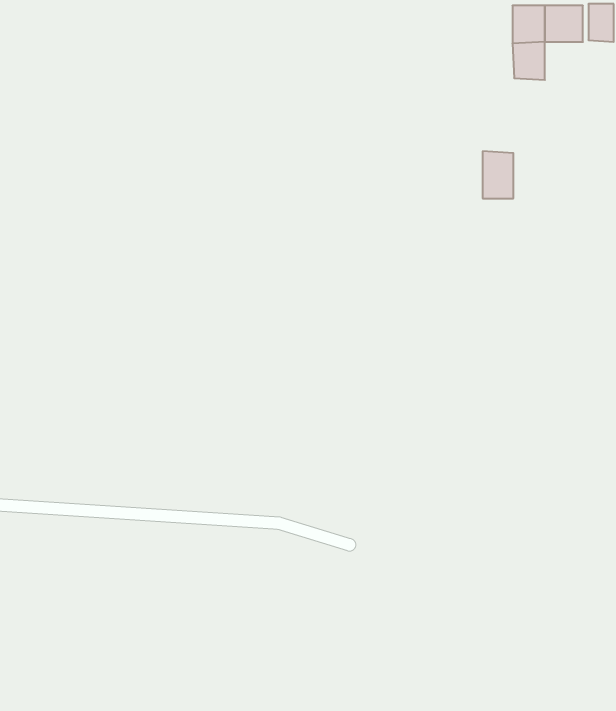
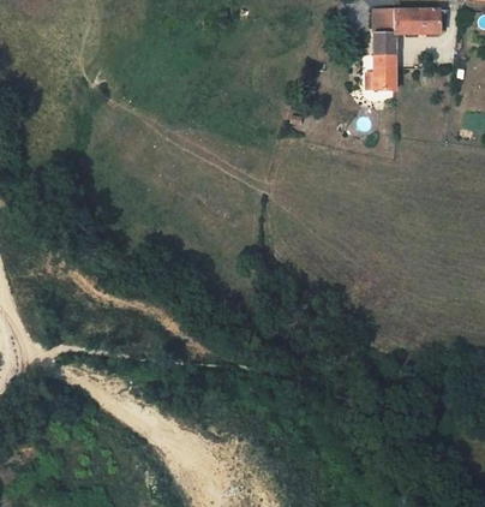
building: [483,151,513,198] -> [375,58,395,89]

